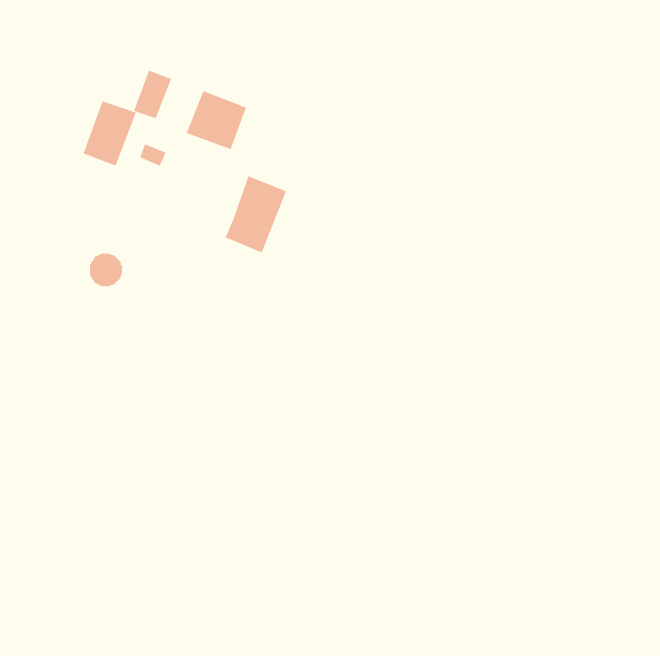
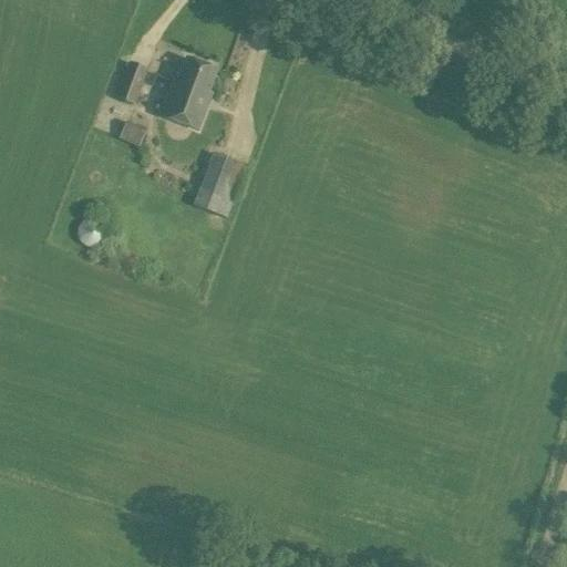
building: none -> [177,56,217,91]
building: [83,101,136,167] -> none

